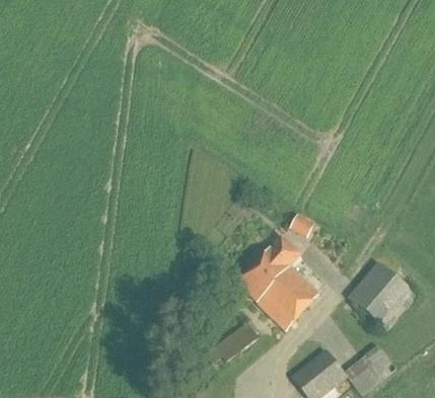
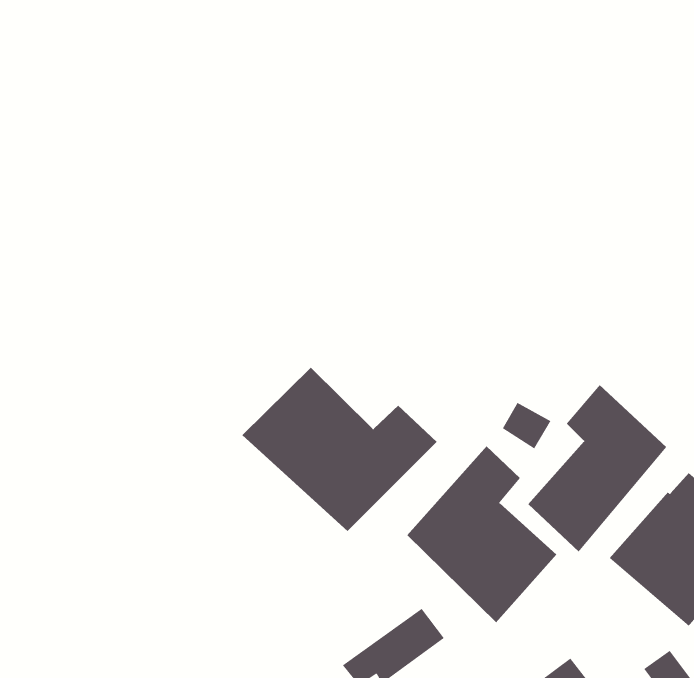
building: none -> [242,367,438,532]
building: none -> [527,384,667,553]

